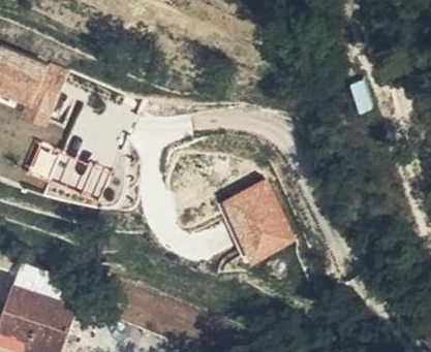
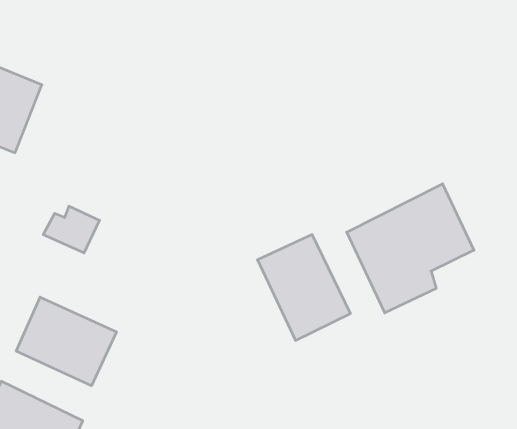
building: none -> [347,184,474,313]
building: none -> [16,297,116,386]

